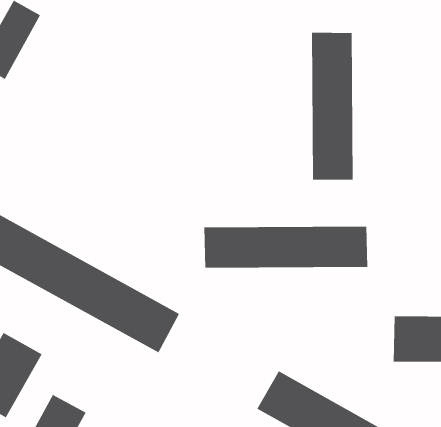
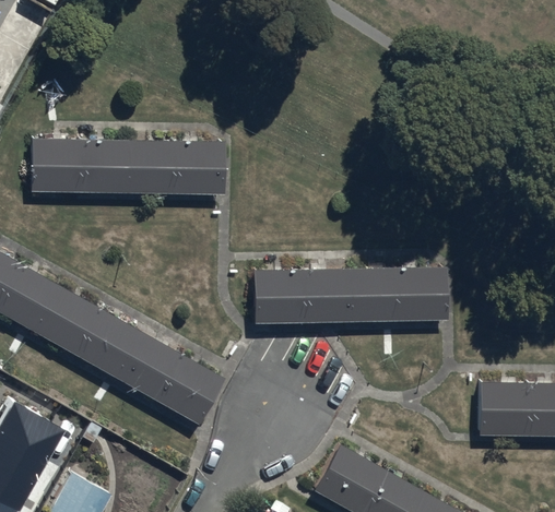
building: [312,32,353,181] -> none
building: none -> [29,139,224,193]

